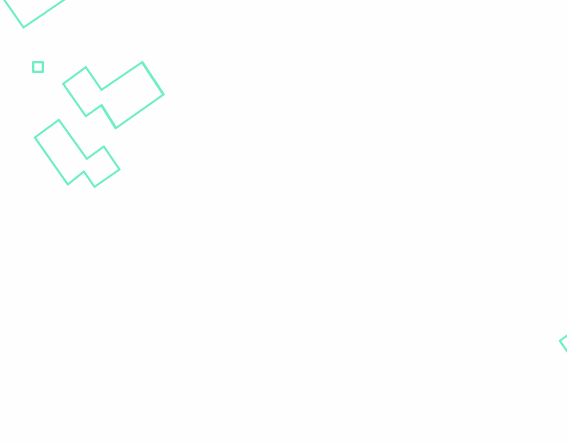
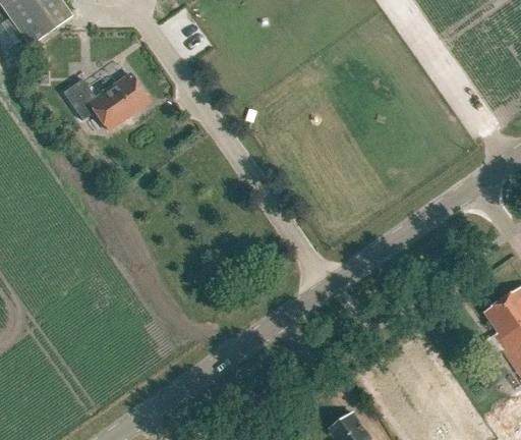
building: [35,120,119,187] -> none

